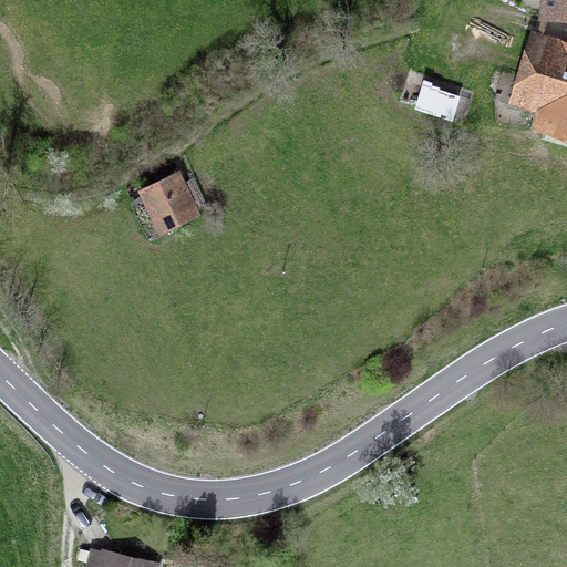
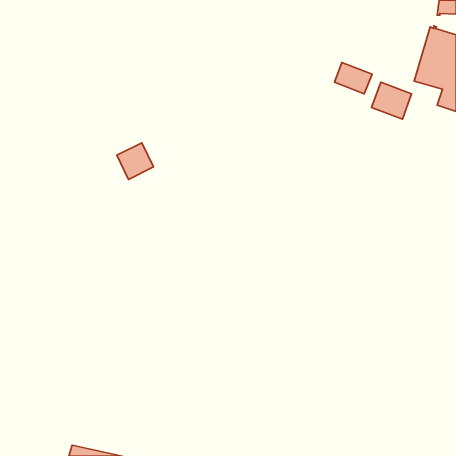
building: none -> [372,82,412,119]

